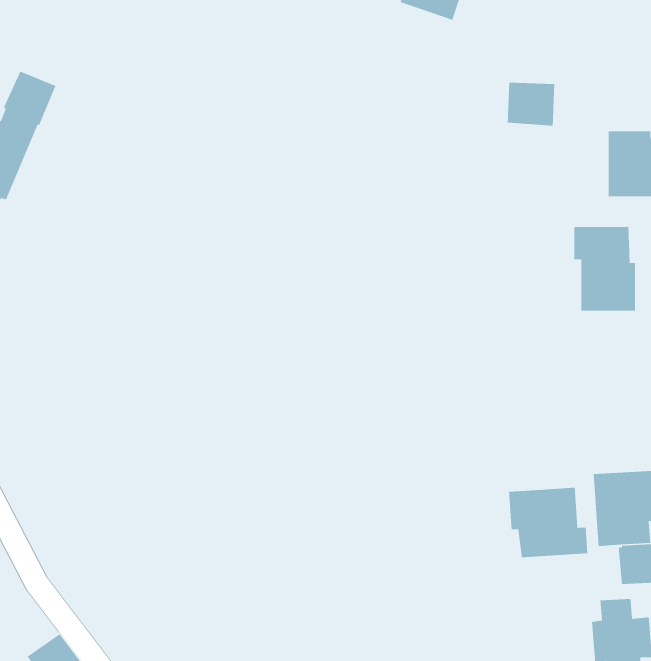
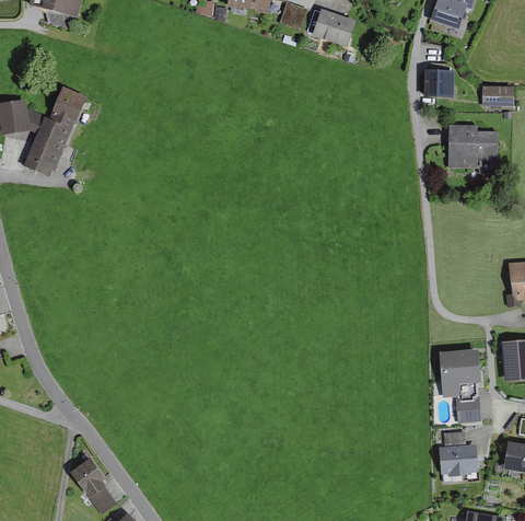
building: [507,82,555,127] -> [422,67,454,96]
building: [574,226,636,311] -> none
building: [508,487,588,558] -> none

